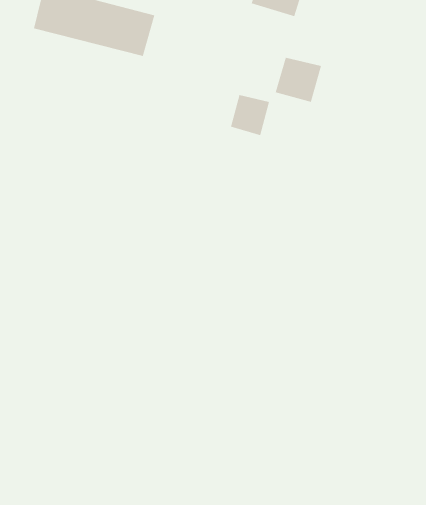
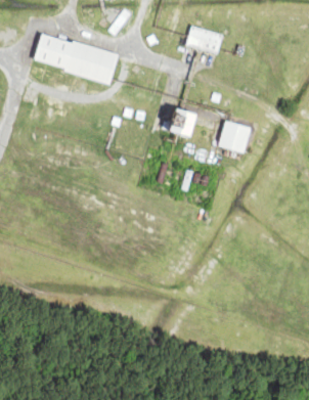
building: [275,57,322,103] -> [218,121,251,152]

